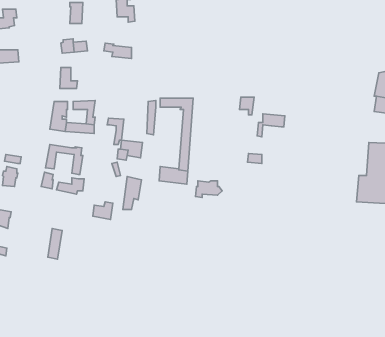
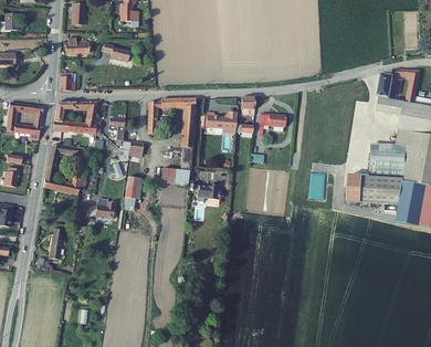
building: none -> [6,103,43,141]
building: none -> [206,113,236,135]

